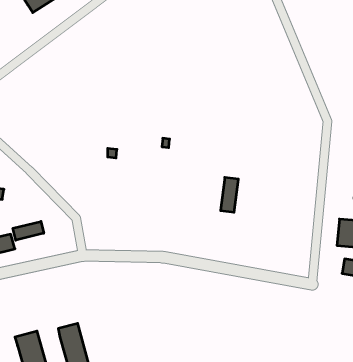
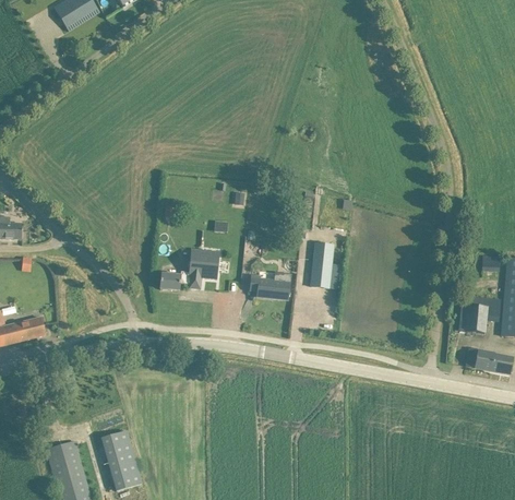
building: none -> [159,249,219,290]
building: none -> [250,274,290,299]
building: [13,221,44,240] -> none

